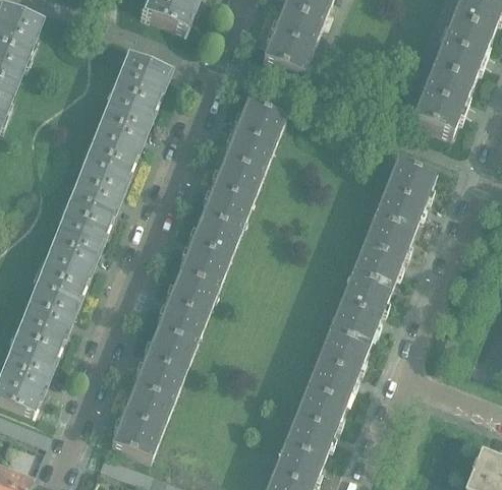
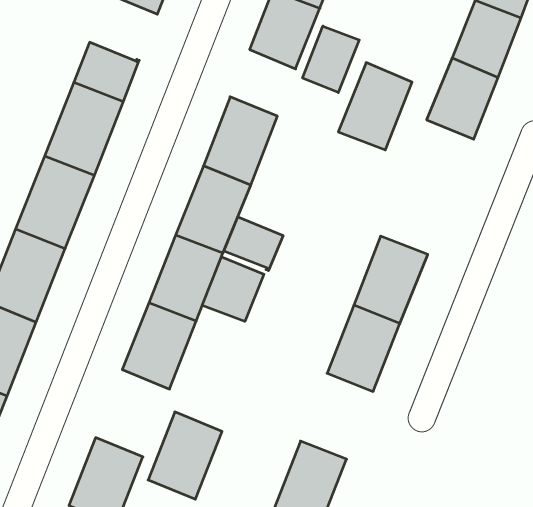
building: none -> [303,26,359,93]
building: [372,163,434,236] -> [338,63,412,150]
building: none -> [224,217,283,271]
building: none -> [202,257,264,321]
building: [132,332,194,406] -> [148,412,222,499]
building: [304,335,366,408] -> none

